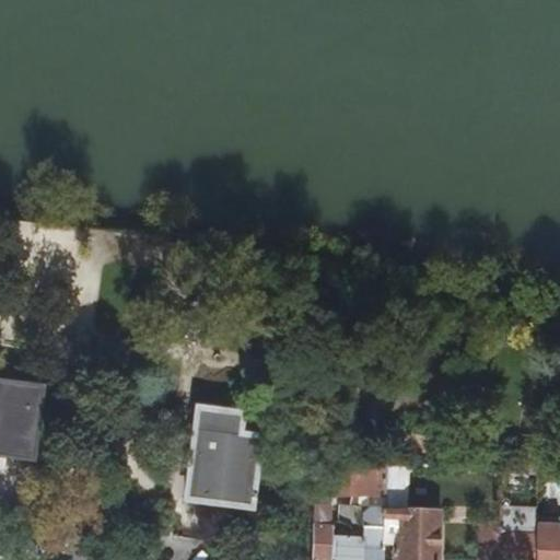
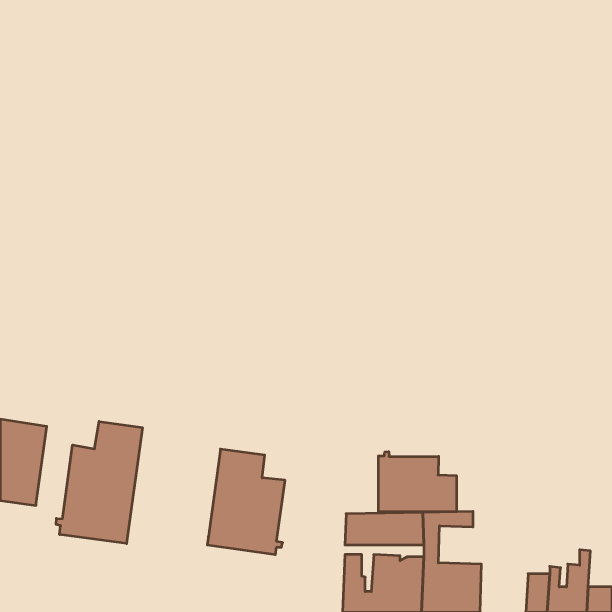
building: none -> [56,421,142,544]
building: none -> [378,452,456,512]

